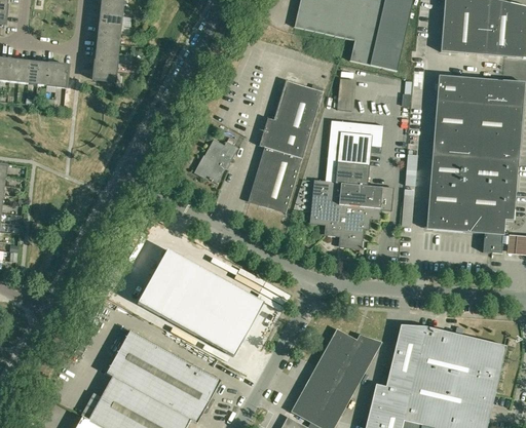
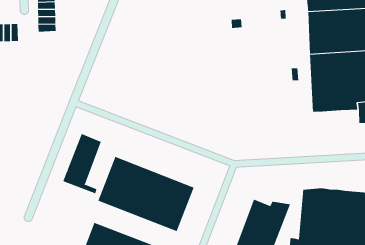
building: [250,80,323,210] -> none
building: [310,119,391,247] -> none
building: [201,139,238,183] -> none
building: none -> [62,133,101,194]

